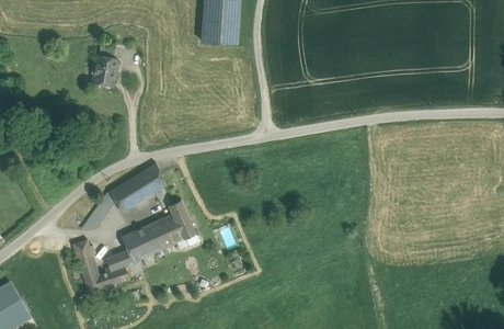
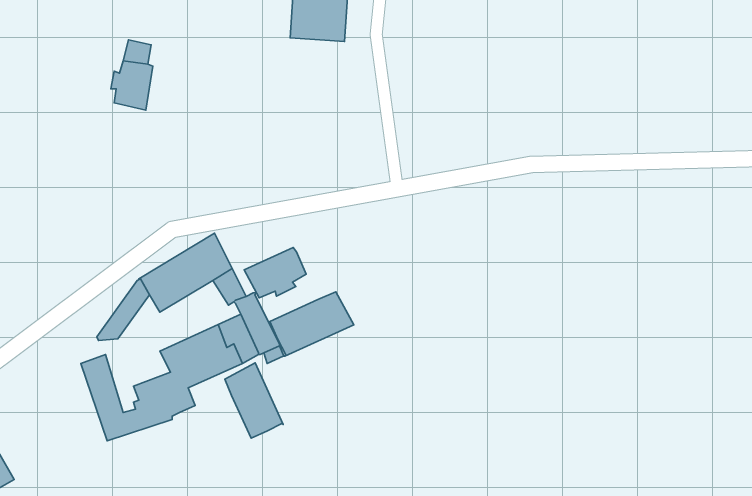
building: none -> [244,247,306,298]
building: none -> [270,292,354,356]
building: none -> [225,363,283,438]

